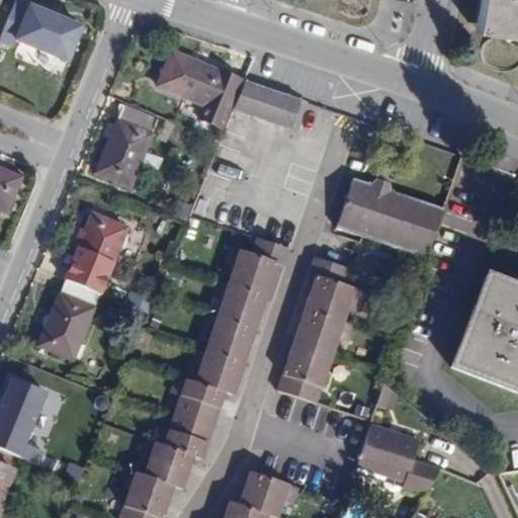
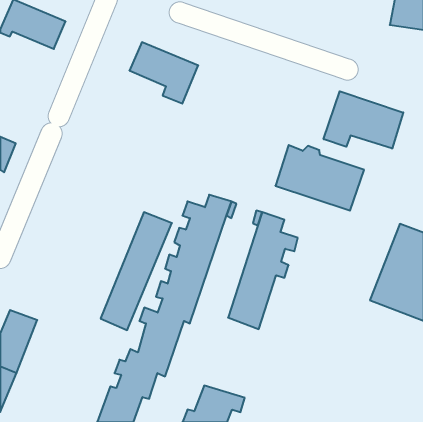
building: [236,79,303,130] -> none
building: [97,103,160,185] -> none
building: none -> [324,91,403,149]
building: [40,213,127,357] -> [101,212,172,330]
building: [357,425,439,495] -> none

